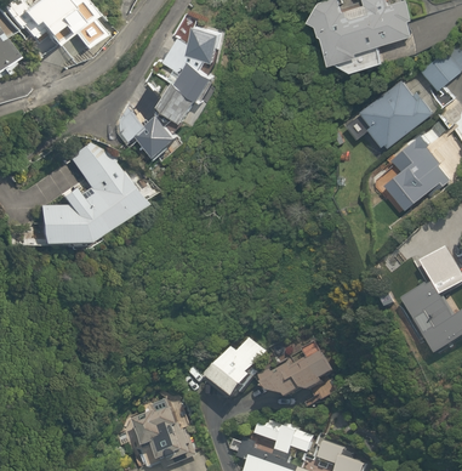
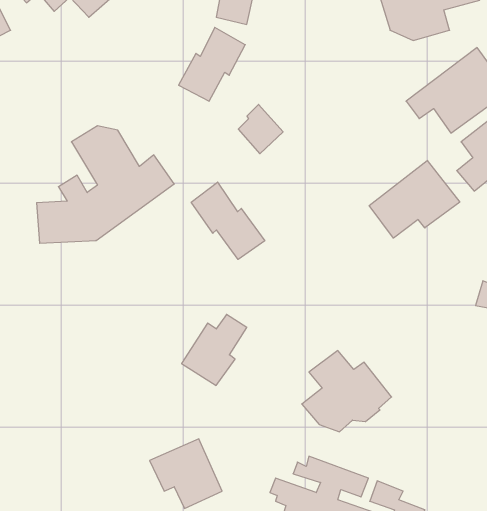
building: [138,115,176,157] -> [238,104,283,154]
building: none -> [369,160,460,238]
building: none -> [191,182,265,259]
building: [209,341,263,401] -> [182,314,247,385]

